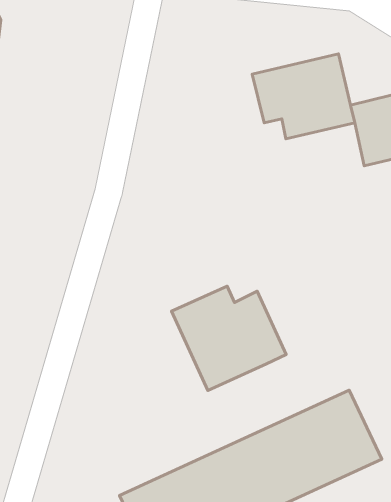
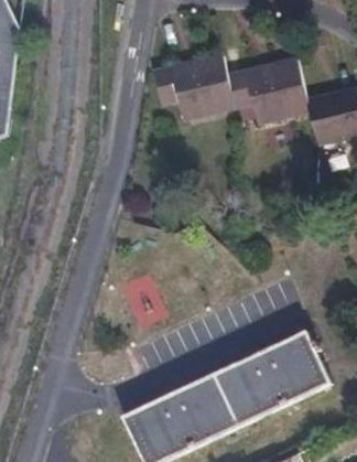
building: none -> [150,52,235,123]
building: [171,286,286,391] -> none

